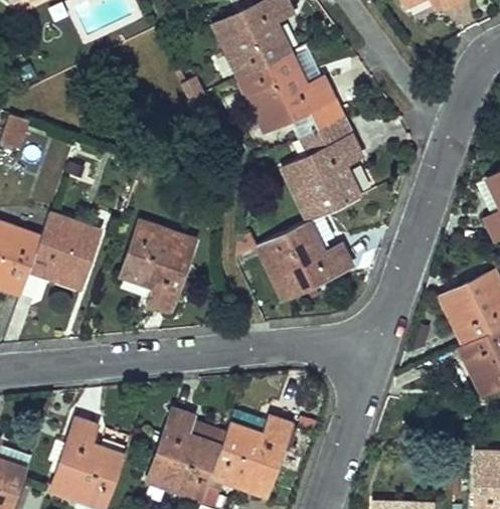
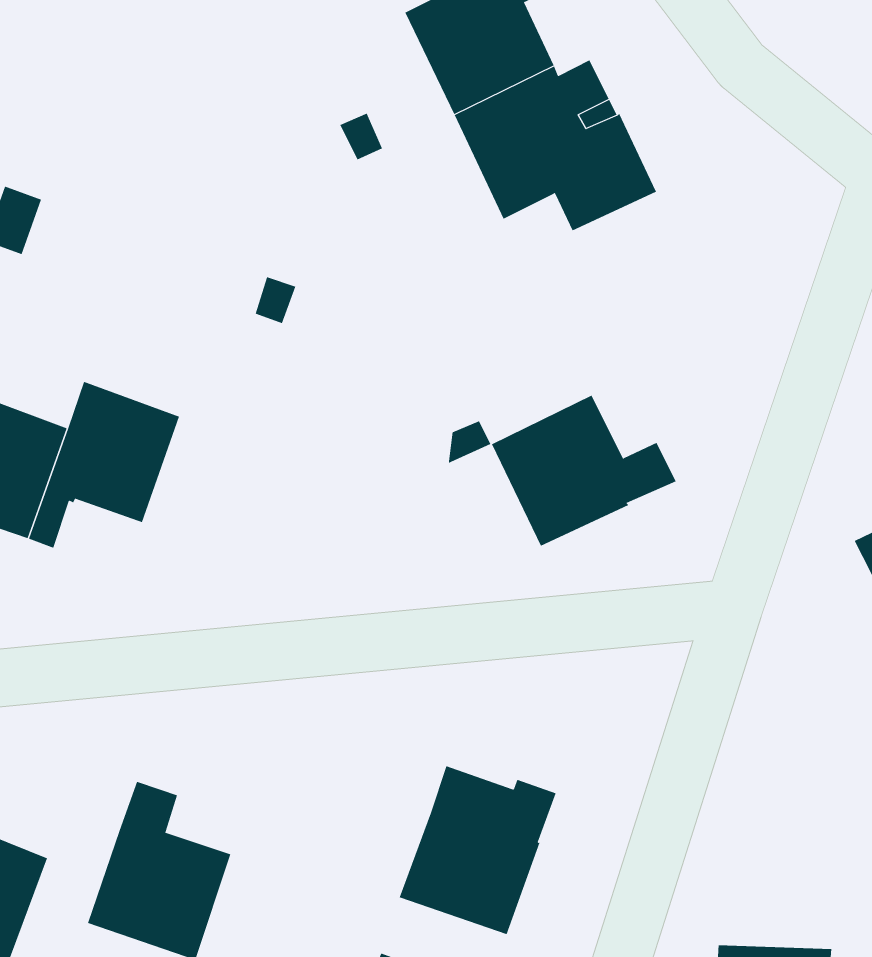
building: [282,118,360,222] -> none
building: [121,220,195,313] -> none
building: [147,410,226,502] -> none

